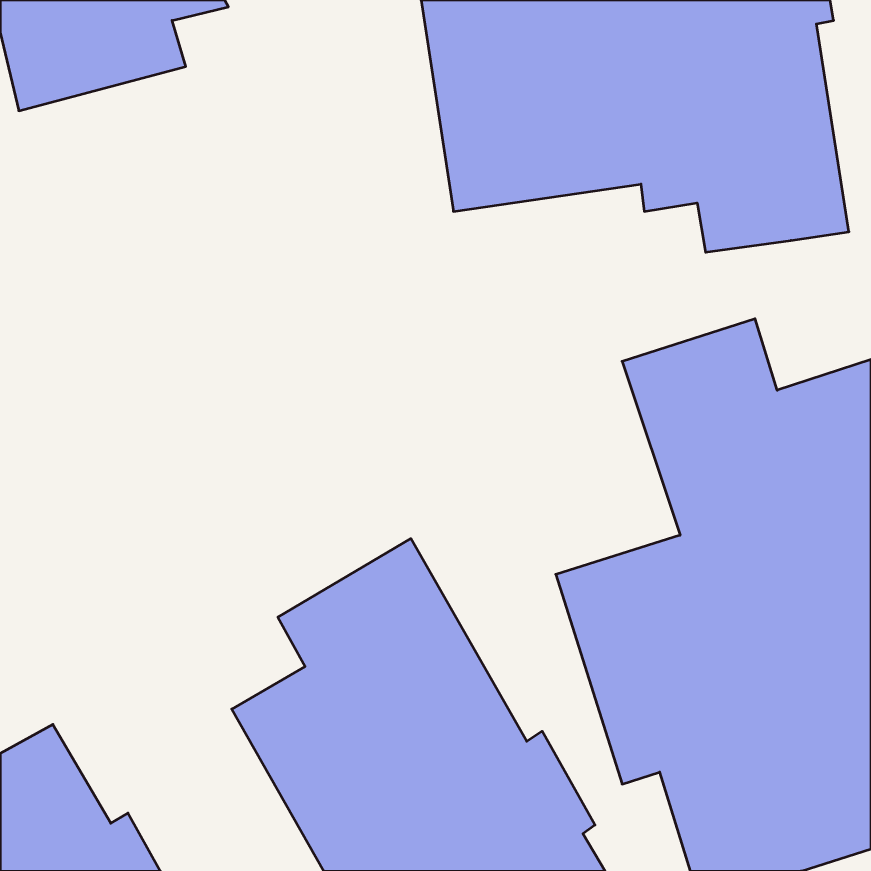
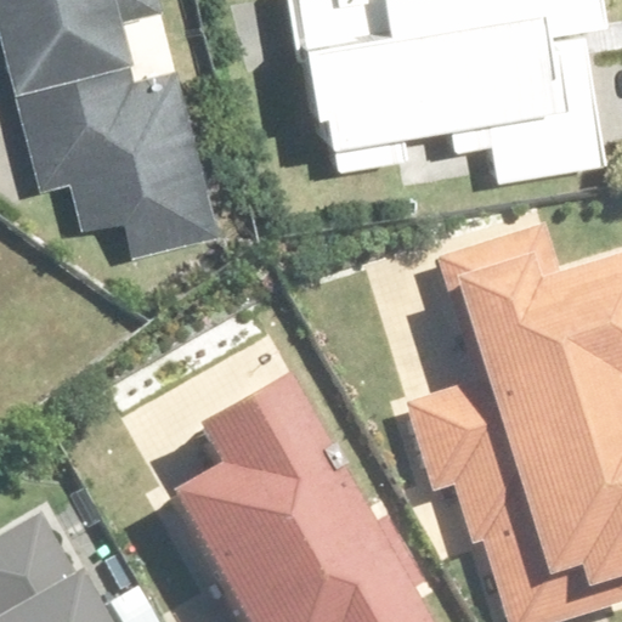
building: none -> [15,61,224,259]

